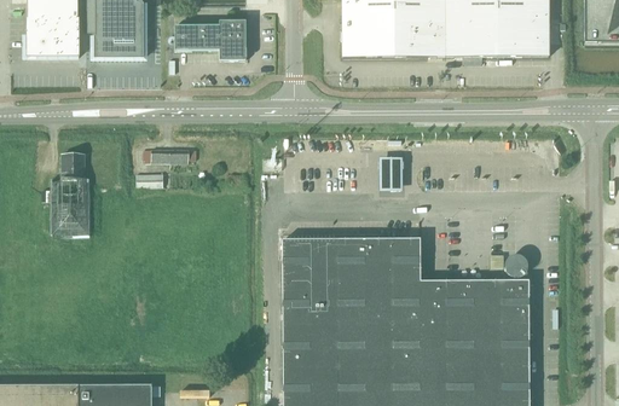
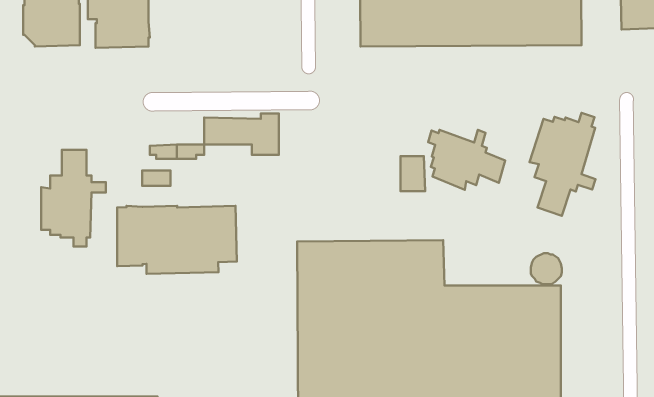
building: [175,21,245,59] -> [204,114,279,155]
building: none -> [529,113,596,216]
building: none -> [428,130,505,190]
building: none -> [117,206,237,274]

